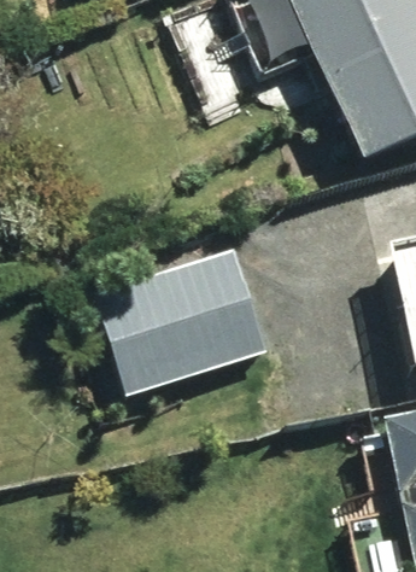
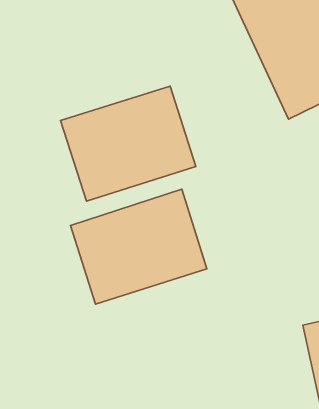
building: none -> [60,86,196,201]

